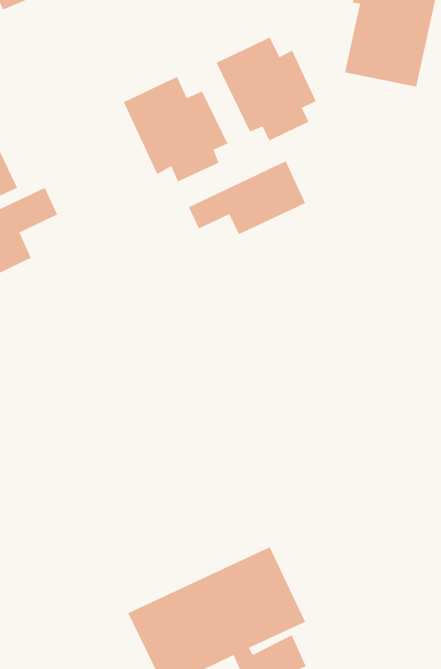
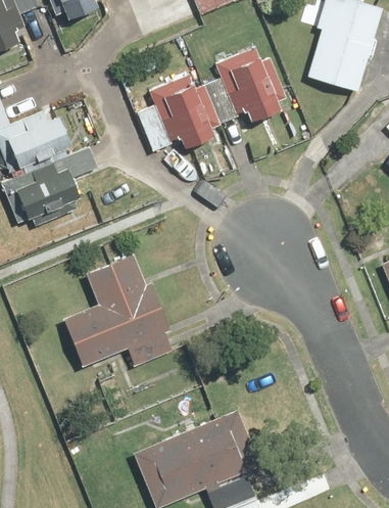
building: [188,160,306,235] -> none
building: none -> [62,255,174,367]

